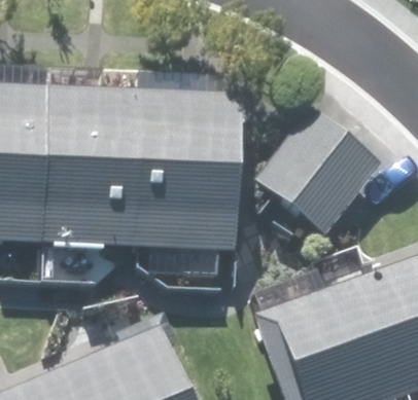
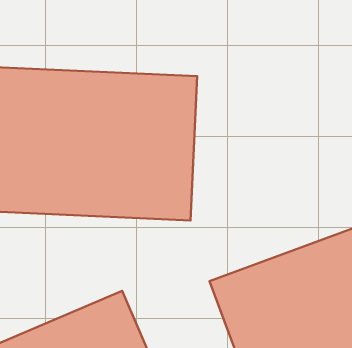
building: [256,108,382,233] -> none

